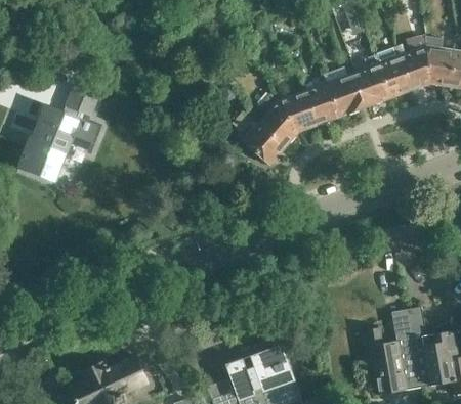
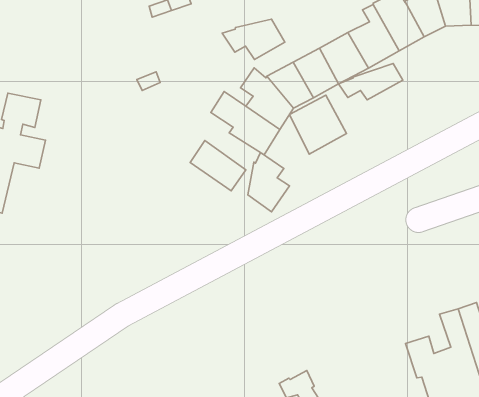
building: none -> [222,19,285,60]
building: none -> [338,63,403,100]
building: none -> [289,95,347,154]
building: none -> [190,140,246,191]
building: none -> [248,153,289,212]

